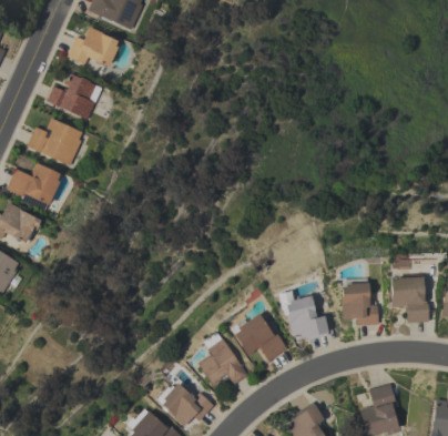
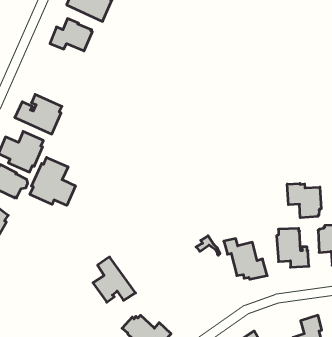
building: [48,73,102,119] -> none
building: none -> [30,157,75,205]
building: none -> [287,183,321,218]
building: [231,313,287,361] -> none
building: [197,332,248,386] -> [93,257,136,302]

